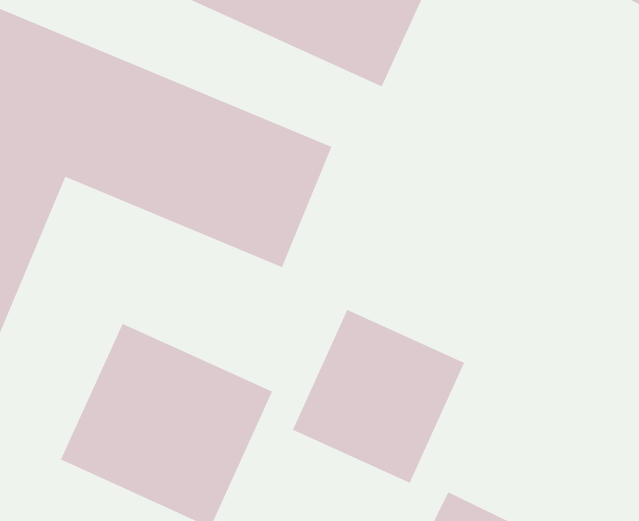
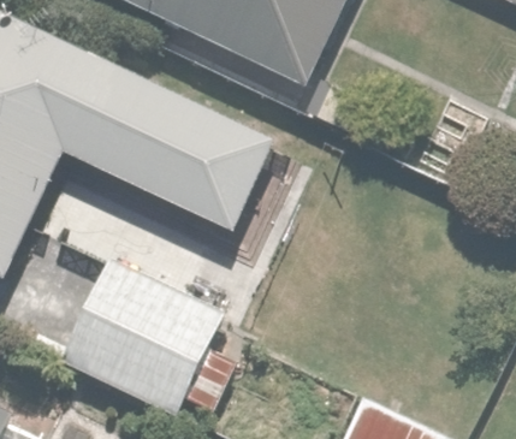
building: [292,309,465,484] -> none

